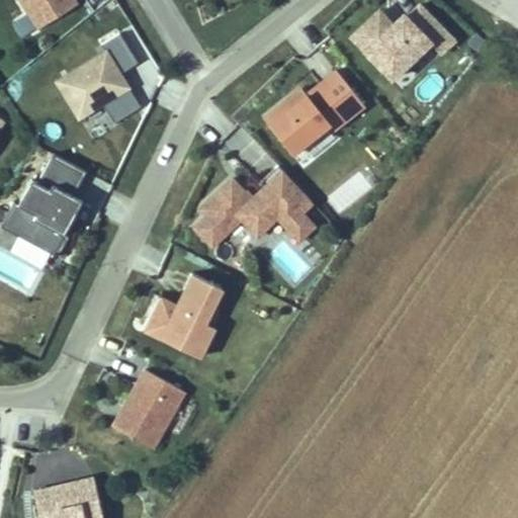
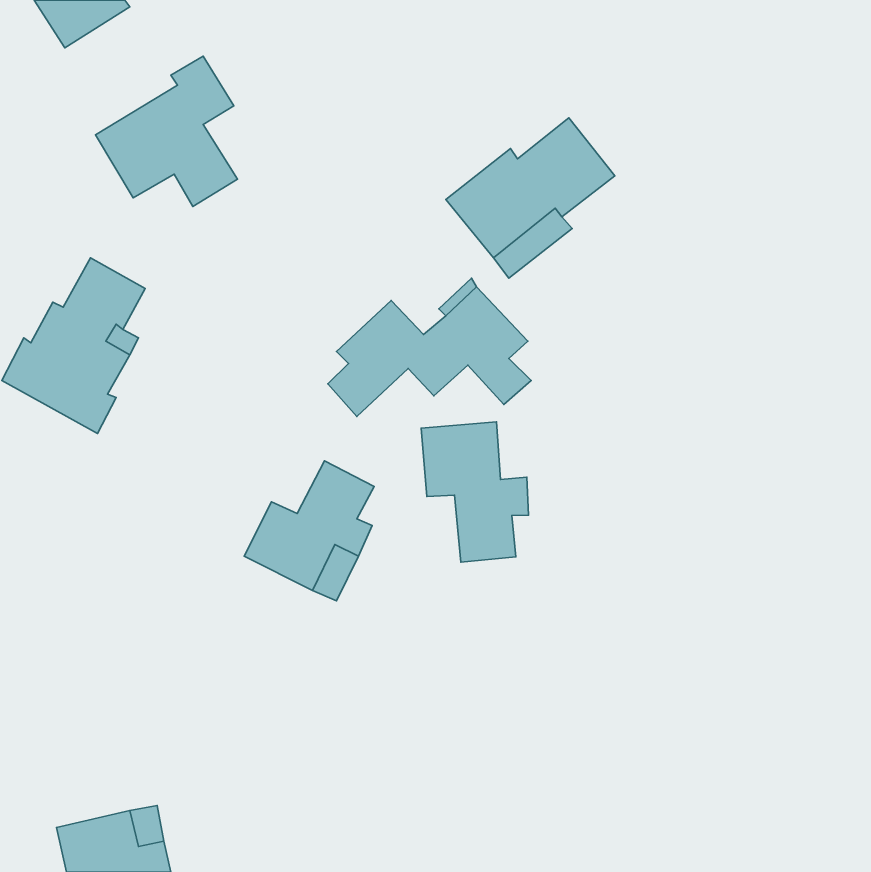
building: [356,5,444,78] -> none
building: none -> [421,422,528,562]
building: [114,369,184,446] -> none

